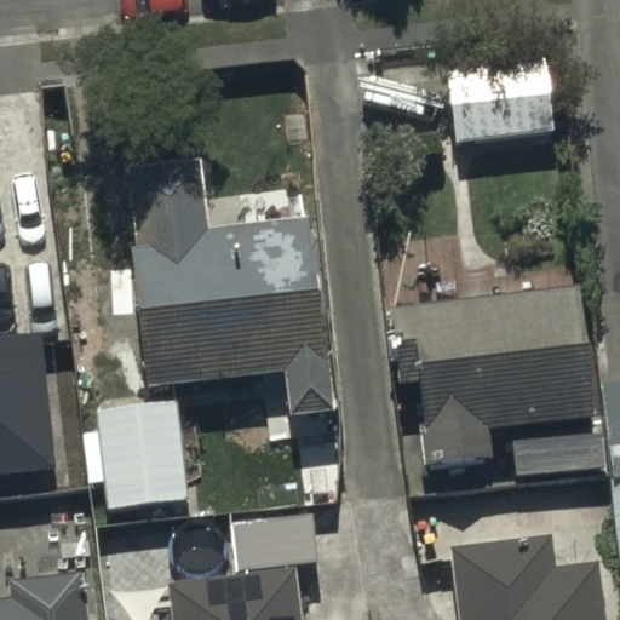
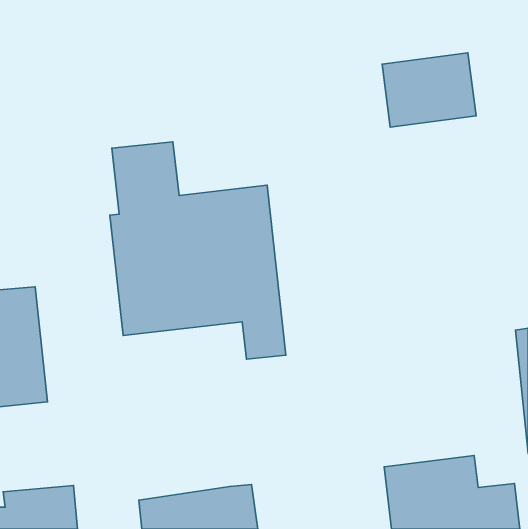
building: [388,285,598,471] -> none
building: [91,404,190,516] -> none

